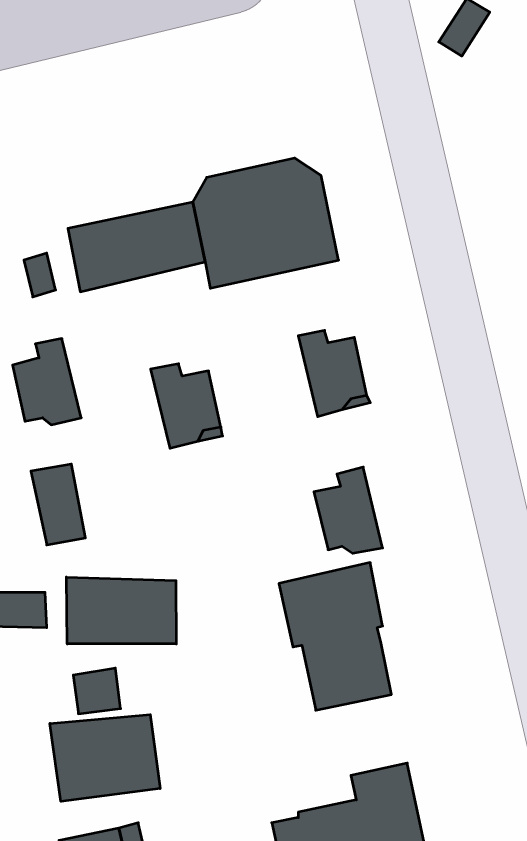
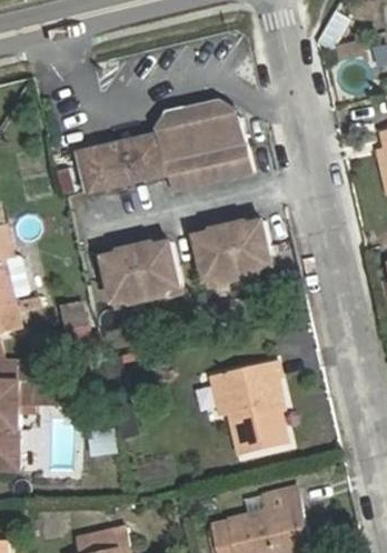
building: [13,339,81,425] -> [100,241,143,295]
building: [314,467,383,553] -> [193,220,237,274]
building: [66,577,176,644] -> none
building: [50,715,160,801] -> none

